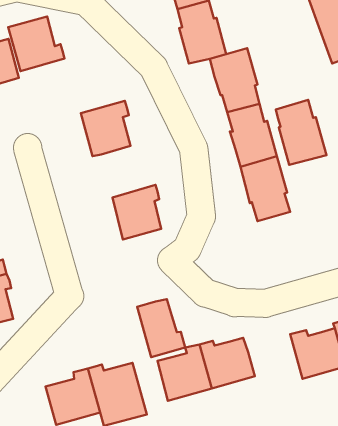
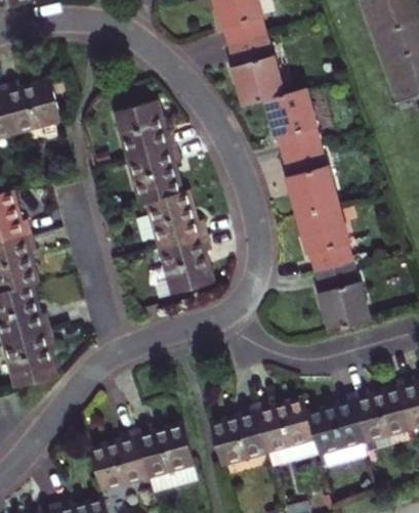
building: [8,17,64,71] -> [115,100,175,159]
building: [276,100,326,165] -> [318,264,372,334]
building: none -> [150,191,208,249]
building: [137,299,185,357] -> none
building: none -> [307,395,366,467]

